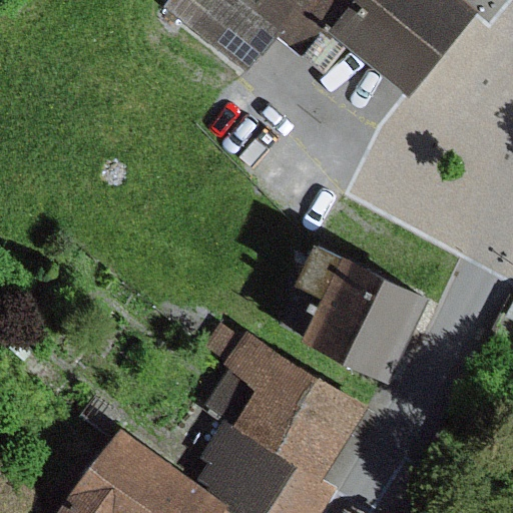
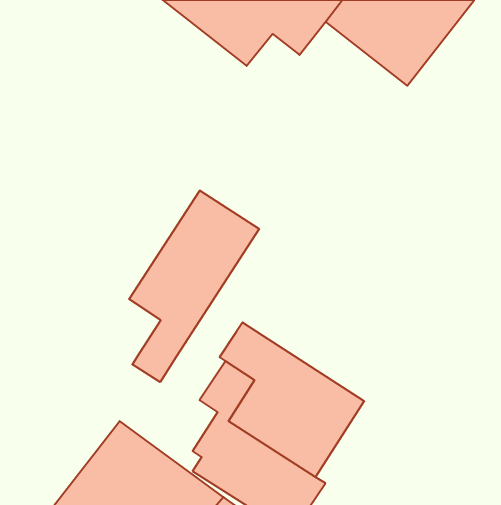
building: none -> [129,190,259,382]
building: [281,239,430,373] -> none

